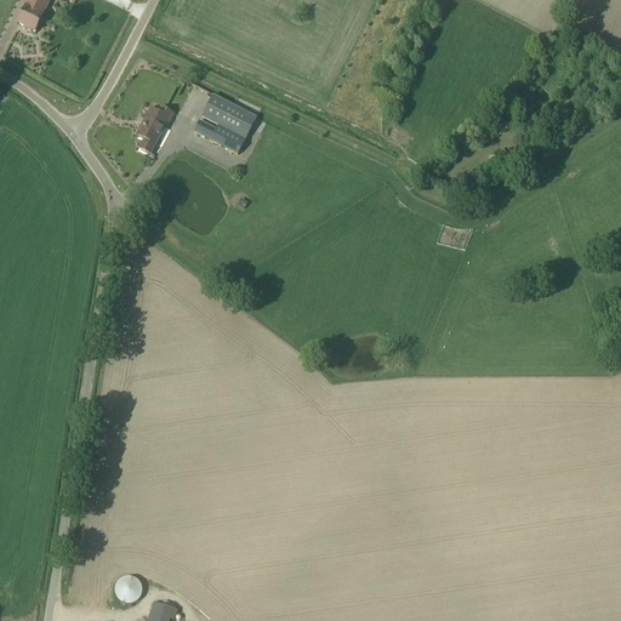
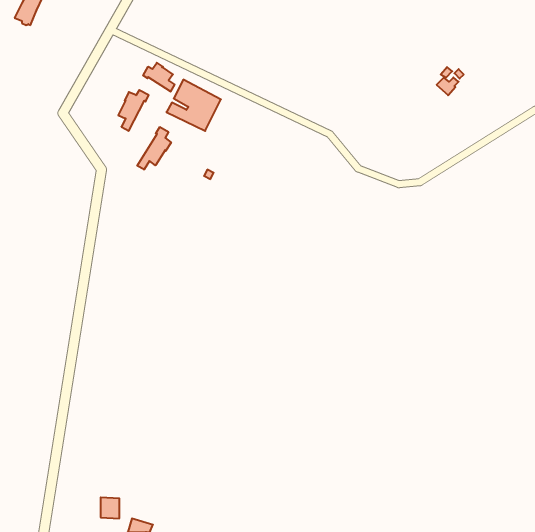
building: none -> [143,63,175,92]
building: none -> [137,127,171,170]

